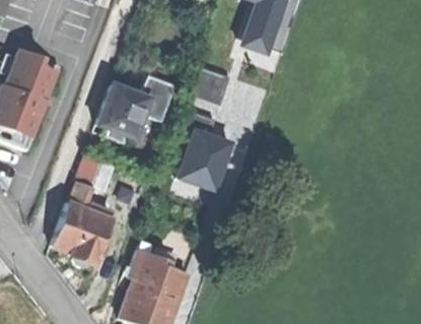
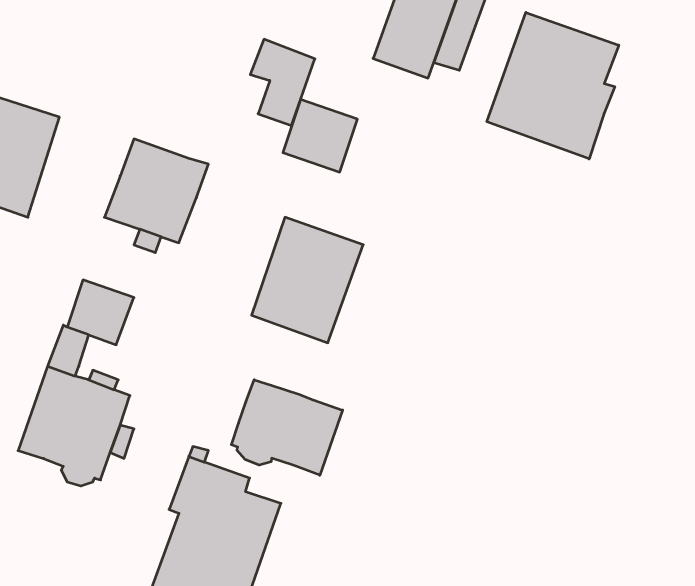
building: none -> [487,12,619,159]
building: [140,77,173,122] -> [250,39,315,126]
building: none -> [231,380,343,475]

